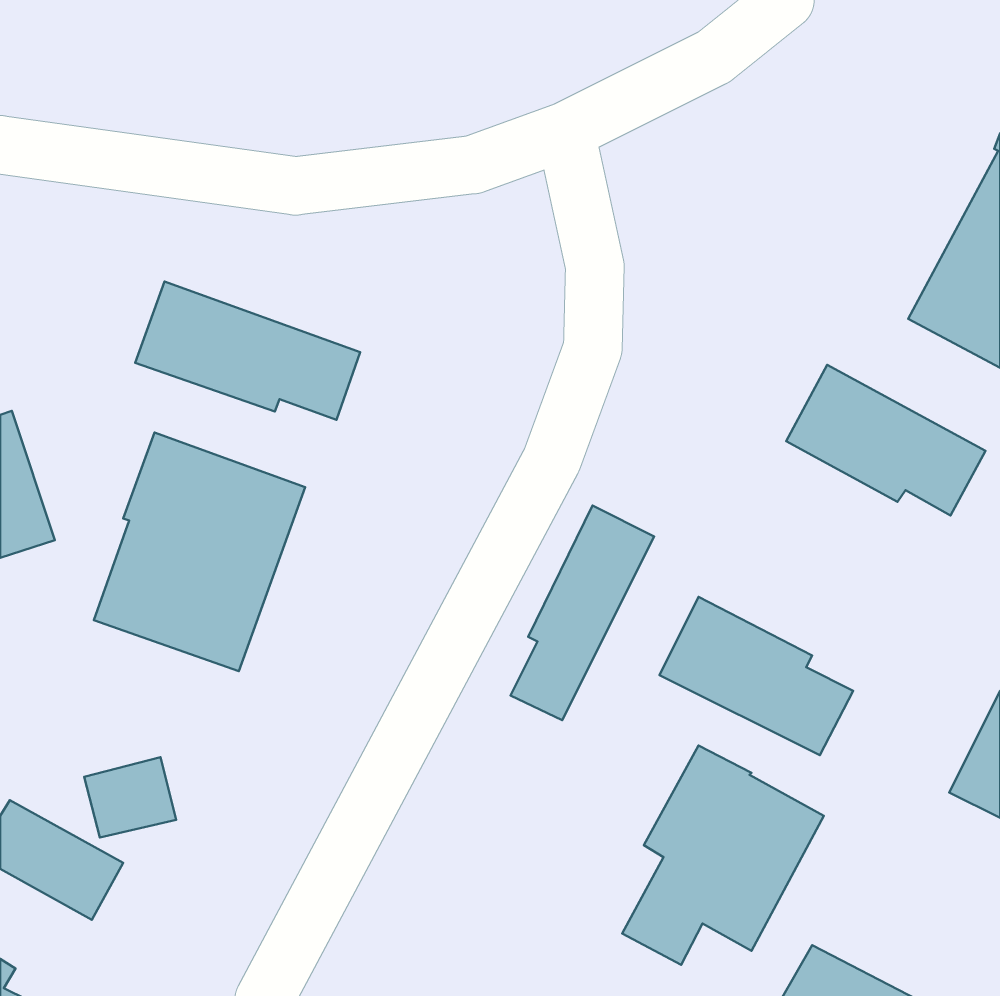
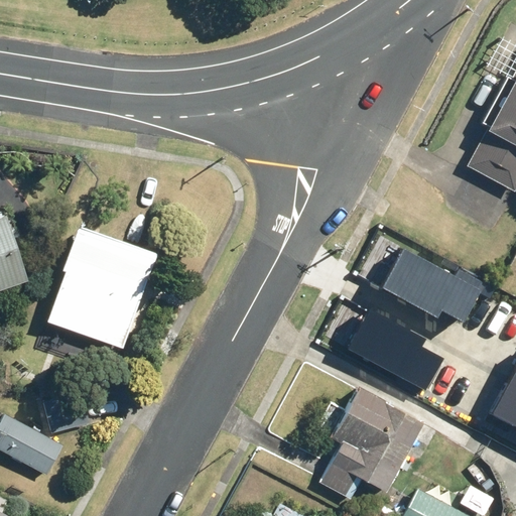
building: [135,281,360,420] -> none
building: [786,365,986,515] -> [370,249,473,327]
building: [510,505,654,720] -> none

